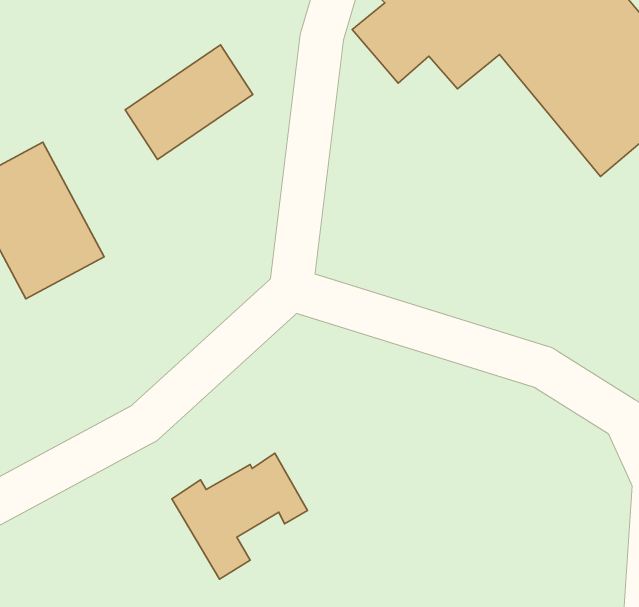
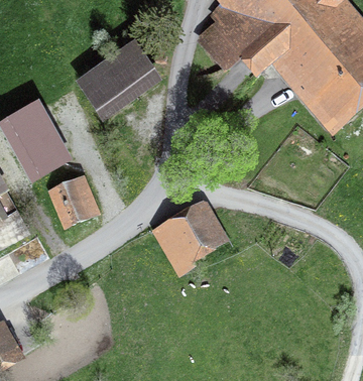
building: none -> [50,175,100,227]
building: [172,453,307,579] -> [156,209,228,275]

